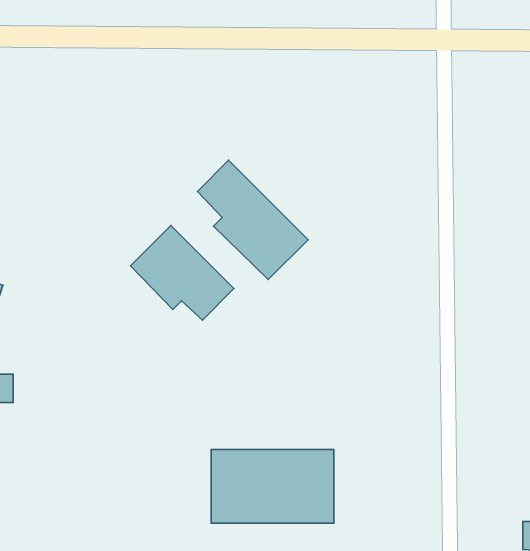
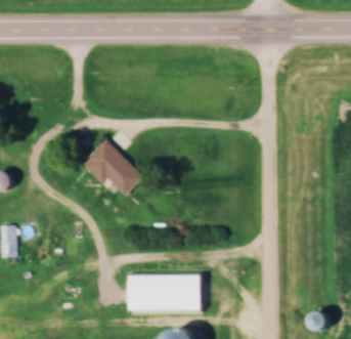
building: [198,160,308,279] -> none

